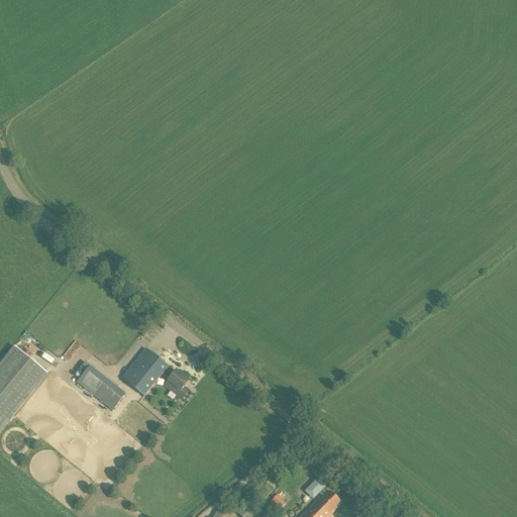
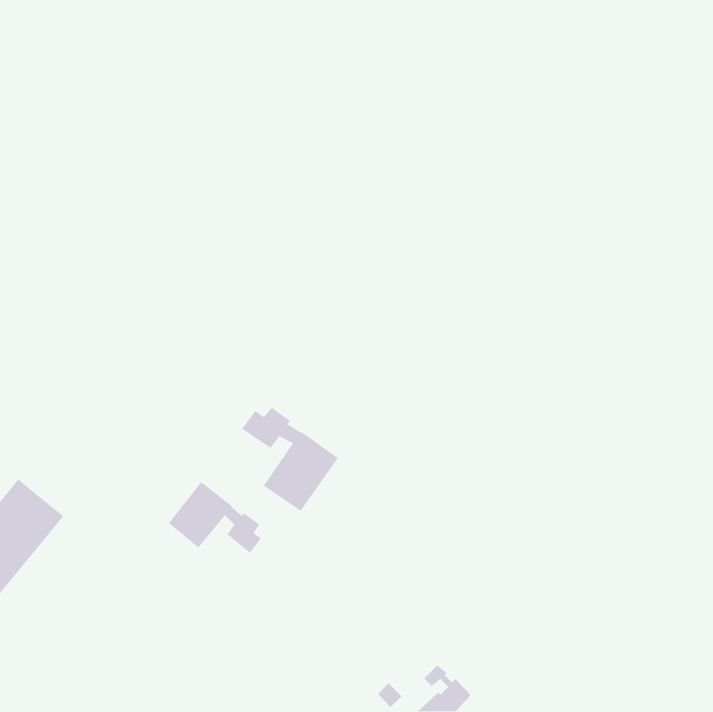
building: none -> [241,407,339,512]
building: [76,360,125,410] -> none

